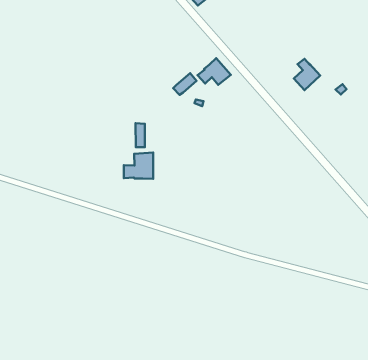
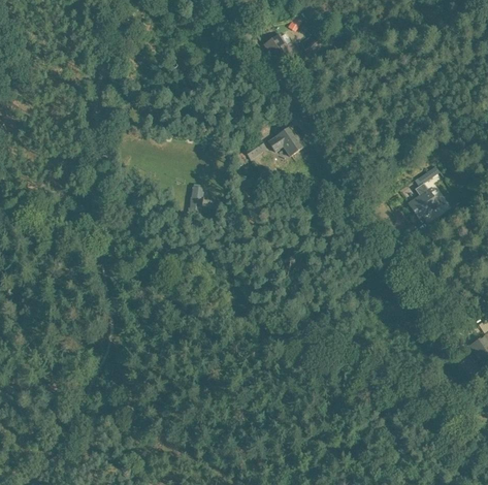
building: [294,59,320,90] -> [408,183,437,218]
building: [124,152,153,179] -> none

